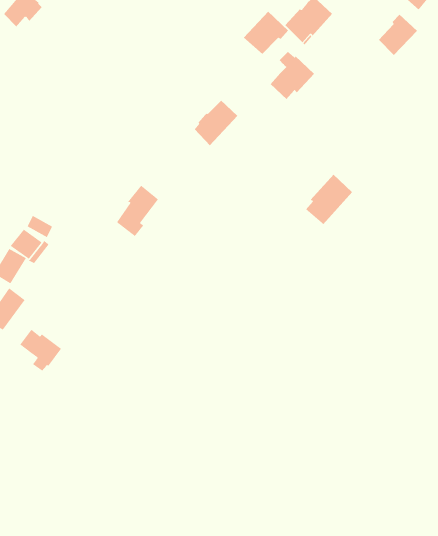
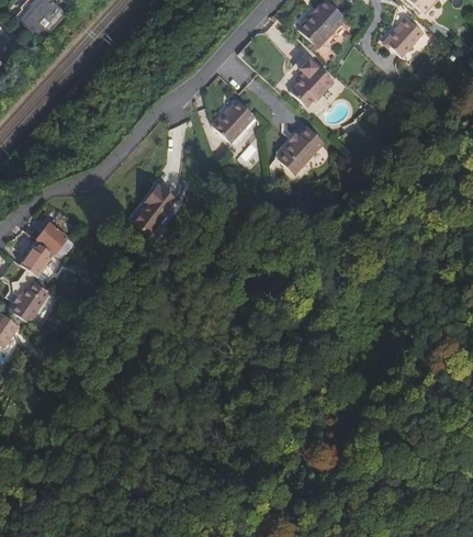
building: [243,11,289,55] -> none
building: [305,174,353,225] -> [277,125,323,175]
building: [19,329,62,372] -> none

